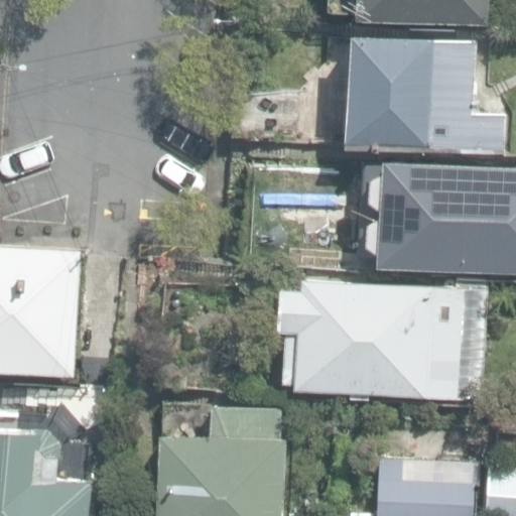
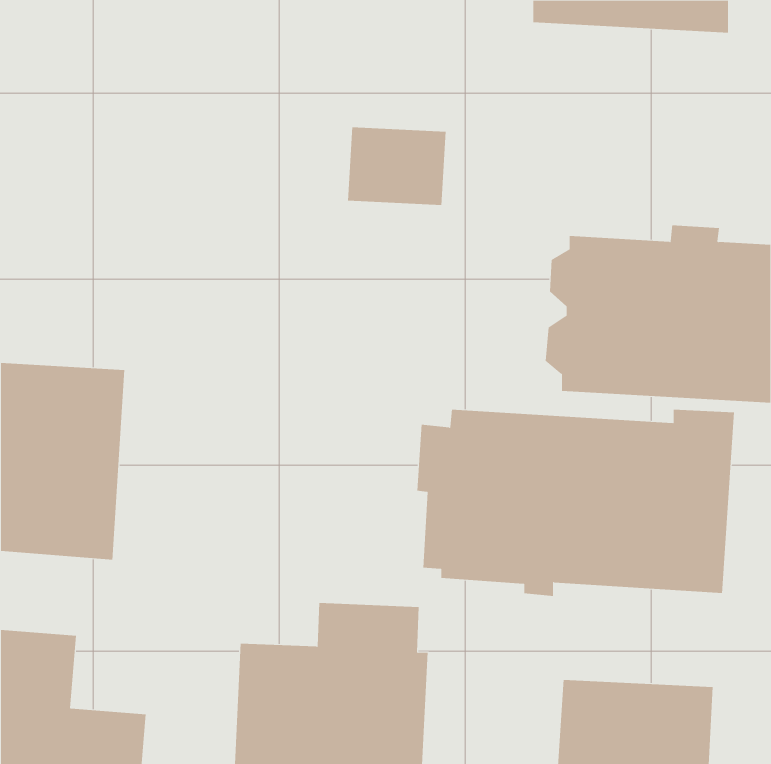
building: [343,36,502,156] -> none

